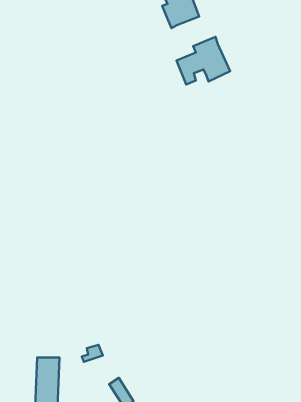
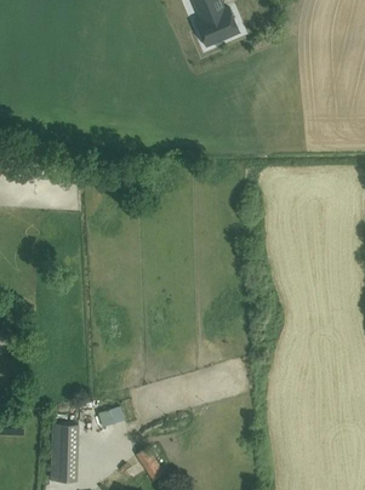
building: [176,37,230,84] -> none

